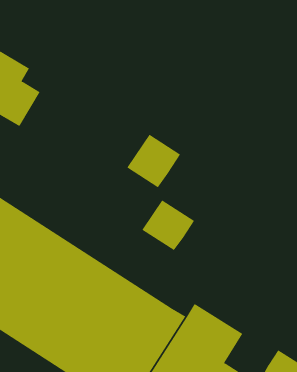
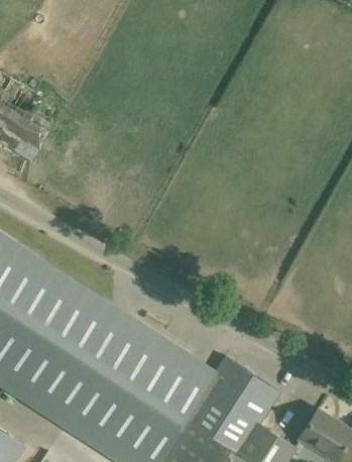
building: [126,134,181,188] -> none
building: [141,199,195,251] -> none

